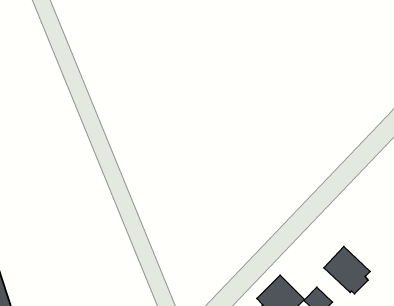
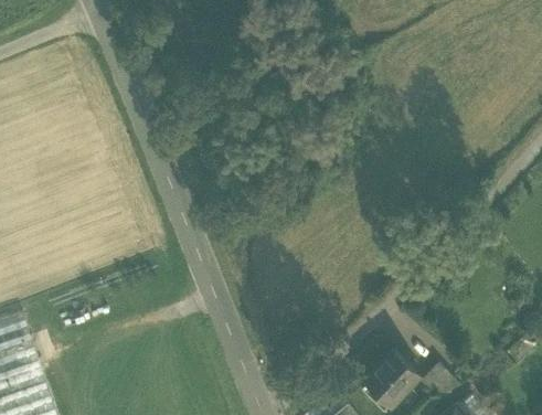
building: [324,246,370,294] -> none

